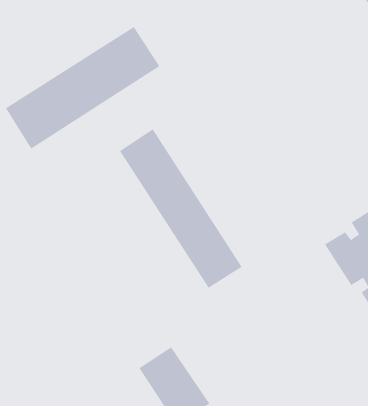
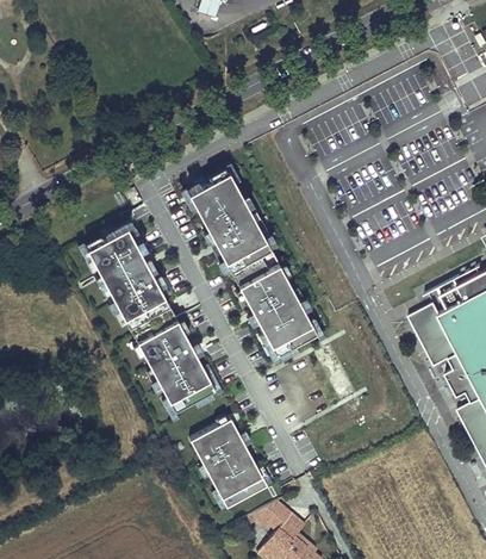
building: [5,26,160,149] -> none
building: none -> [85,225,214,411]

